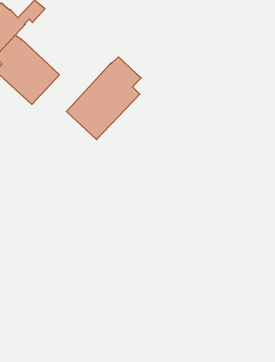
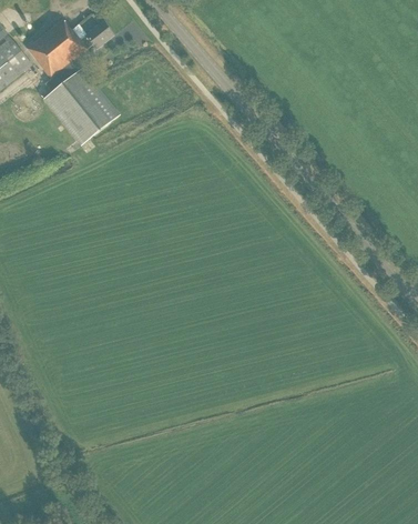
building: [66,57,141,140] -> none

